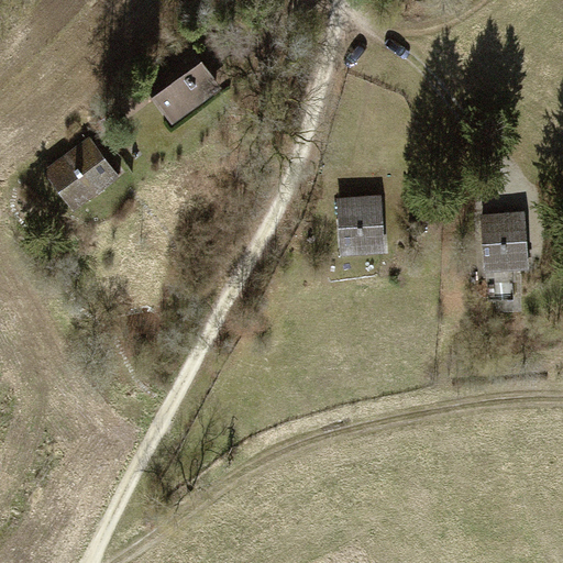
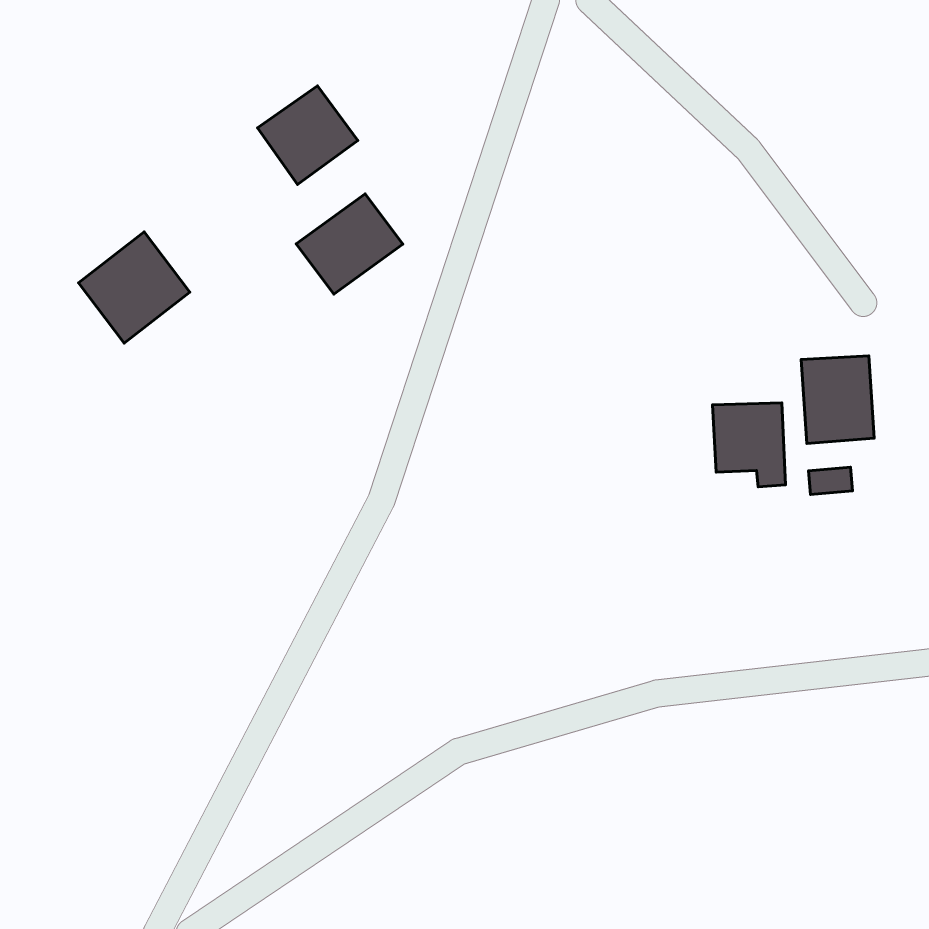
building: none -> [296,194,403,294]
building: [339,201,383,252] -> [713,403,786,487]

